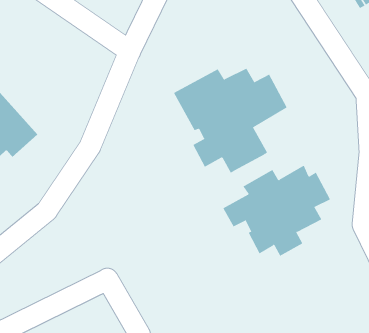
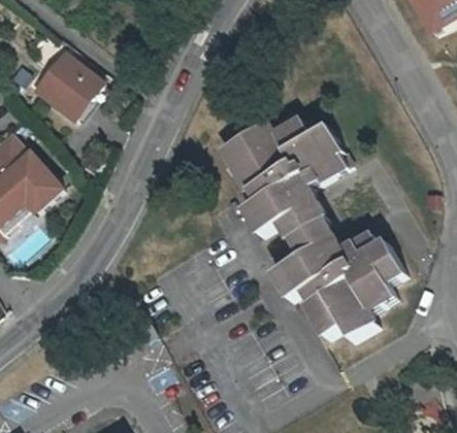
building: none -> [24,54,99,128]
building: none -> [291,215,336,254]

